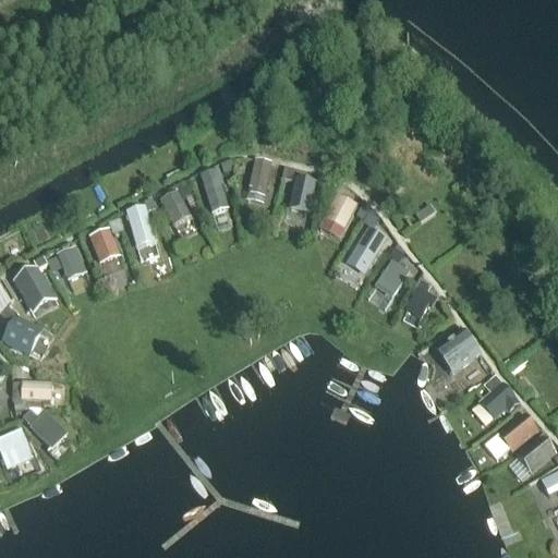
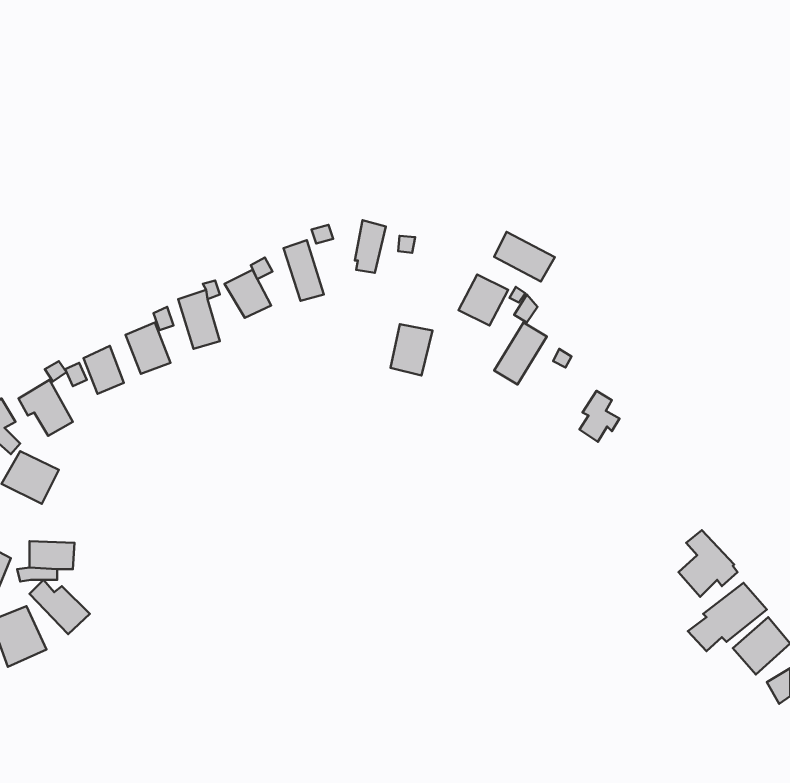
building: none -> [494,232,555,282]
building: [288,175,317,211] -> [391,324,432,375]
building: [374,257,410,298] -> none
building: [442,331,477,366] -> none

